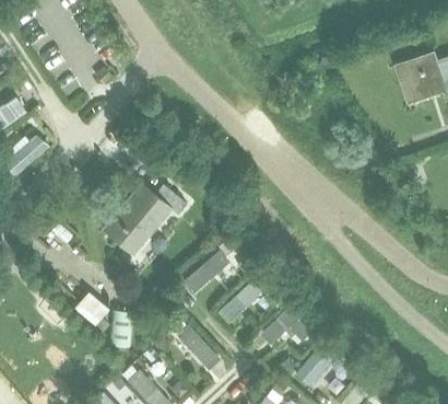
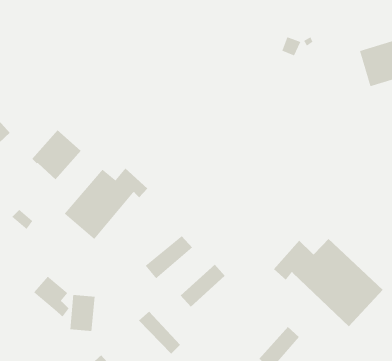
building: none -> [32,130,81,180]
building: none -> [273,238,383,327]
building: [261,305,313,344] -> none

